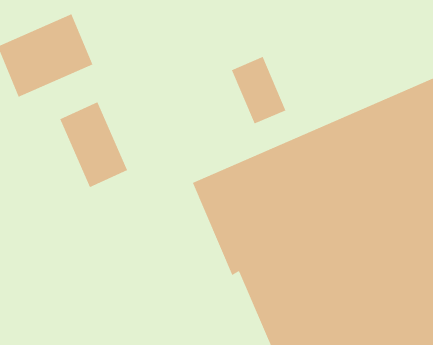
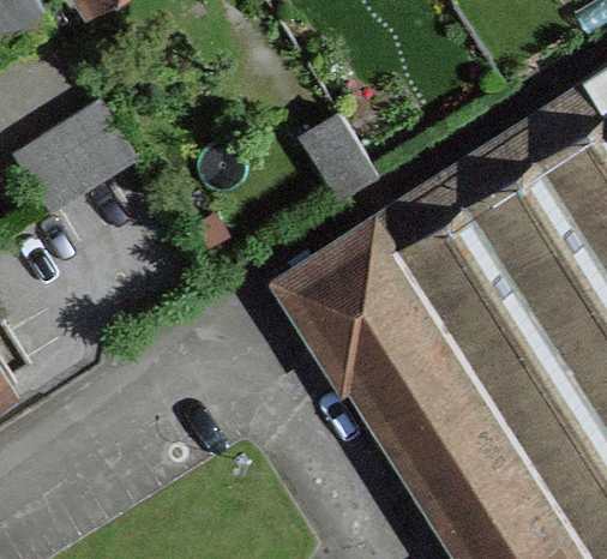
building: [59,101,128,188] -> none

